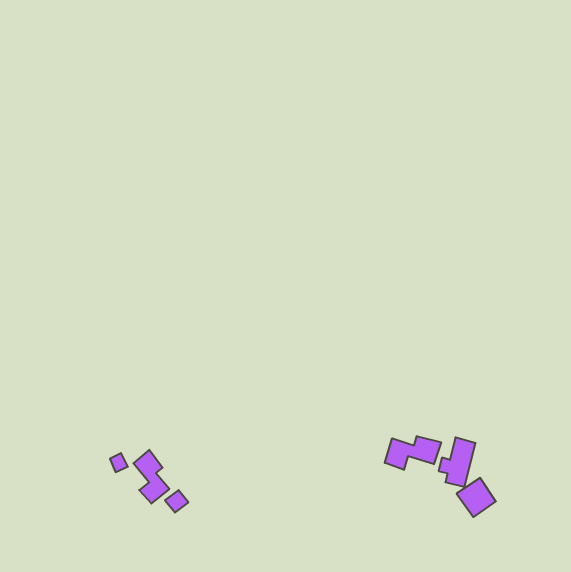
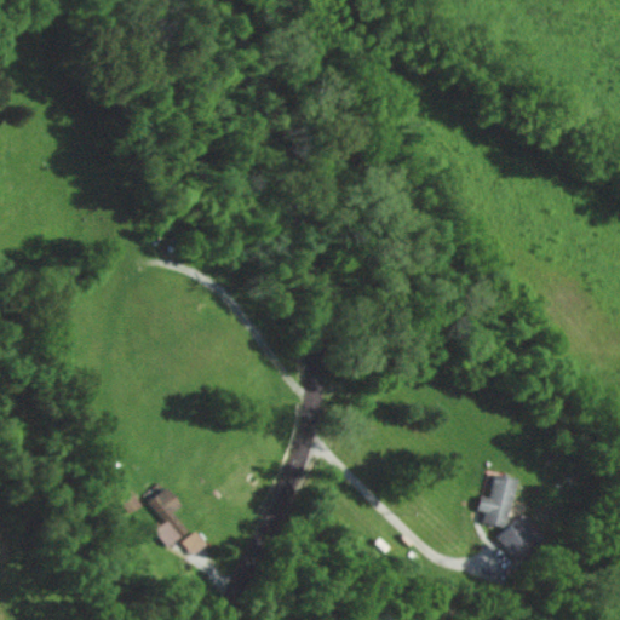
building: [385,436,441,470] -> none

